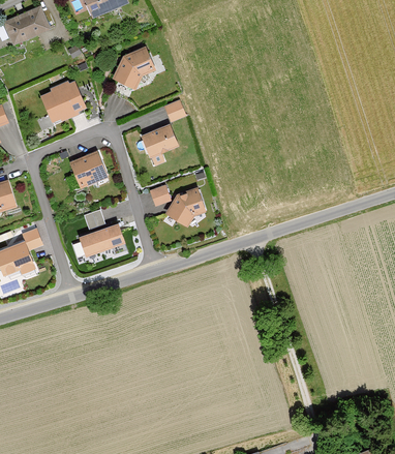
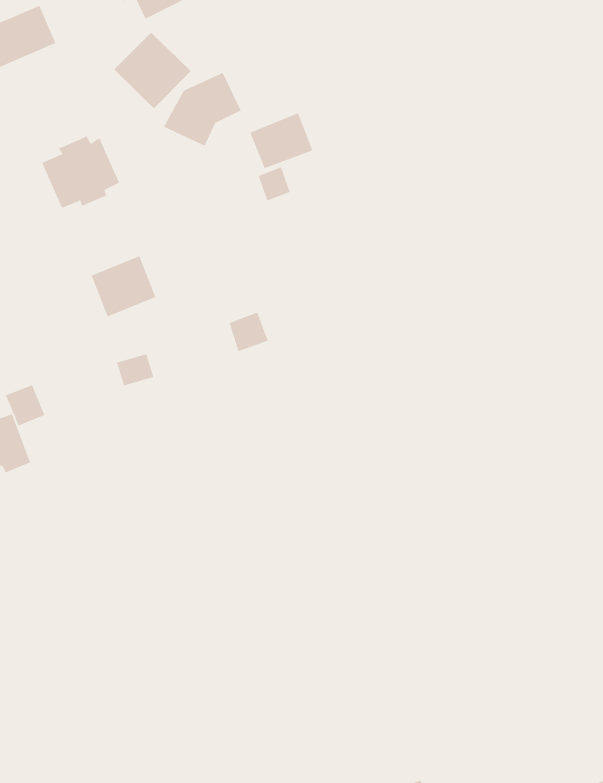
building: none -> [113,32,192,109]
building: [141,124,177,156] -> [249,113,313,169]
building: [165,188,204,226] -> none
building: [78,223,124,258] -> none

